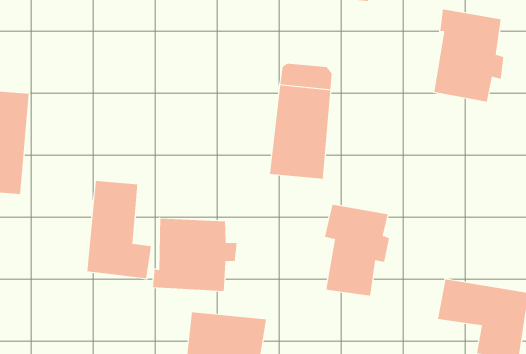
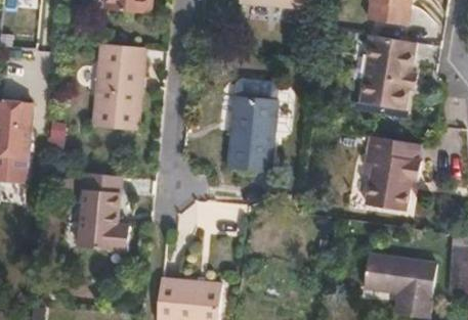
building: none -> [93,44,144,130]
building: [324,204,390,296] -> [364,136,417,211]
building: [152,218,237,292] -> none

